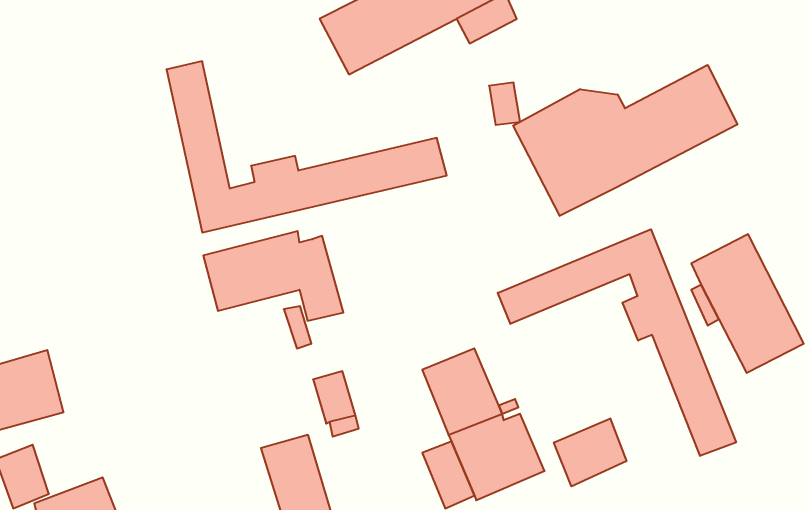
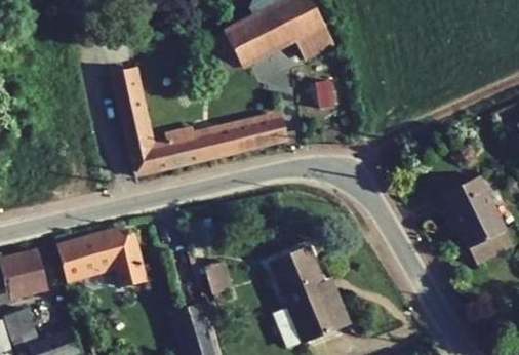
building: [513,65,737,216] -> none
building: [498,229,736,456] -> none
building: [203,231,343,321] -> [58,230,147,286]
building: [554,418,627,486] -> none

